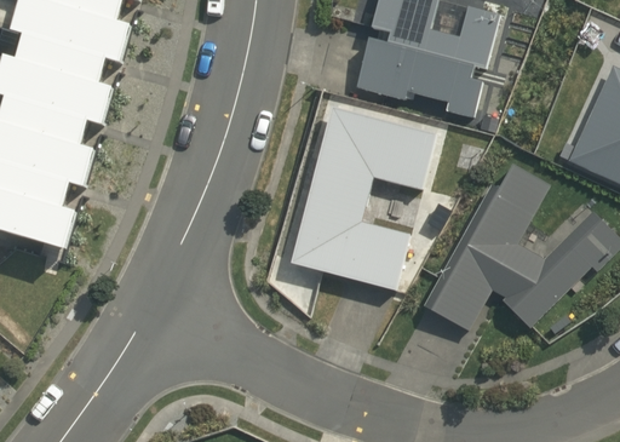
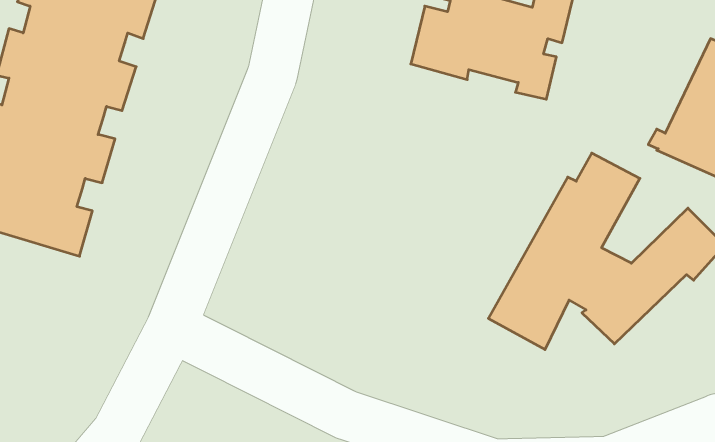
building: [292,105,437,289] -> none

